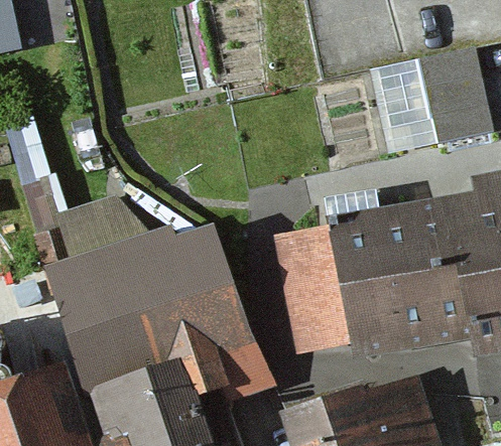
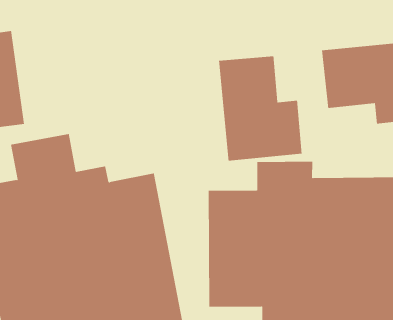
building: none -> [218,56,302,161]

